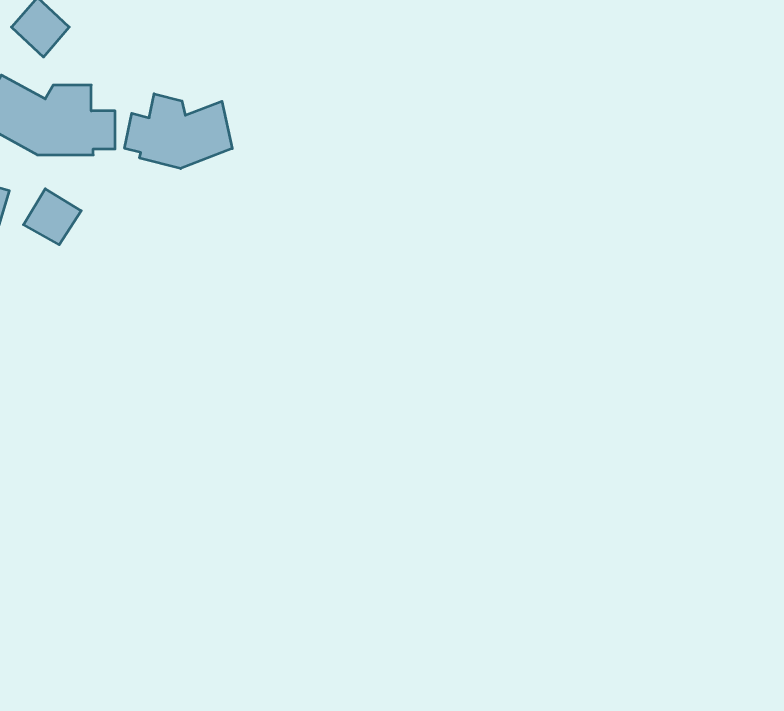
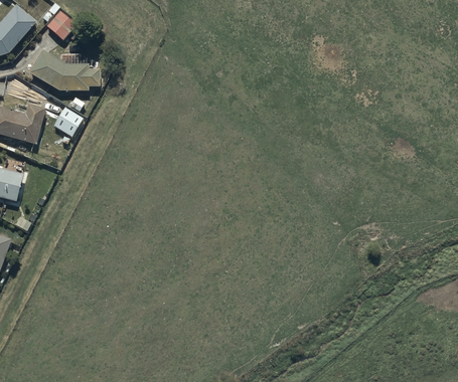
building: [125,94,232,169] -> none

